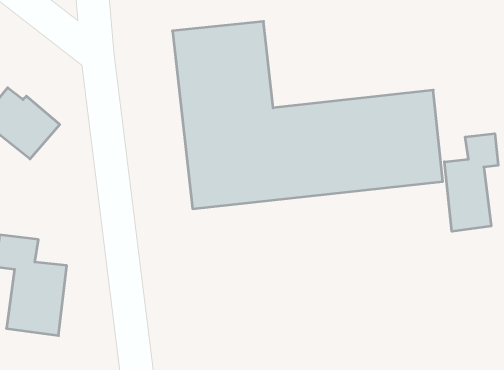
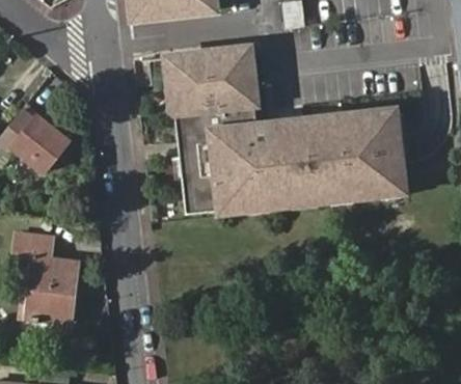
building: [444,134,498,231] -> none

